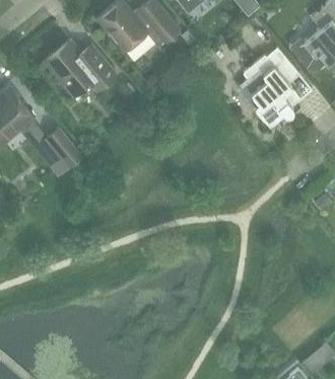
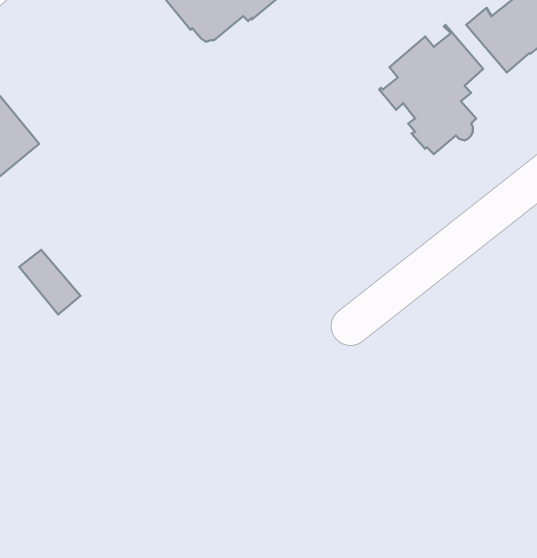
building: [46,41,117,96] -> none
building: [46,129,82,167] -> [19,250,80,314]

